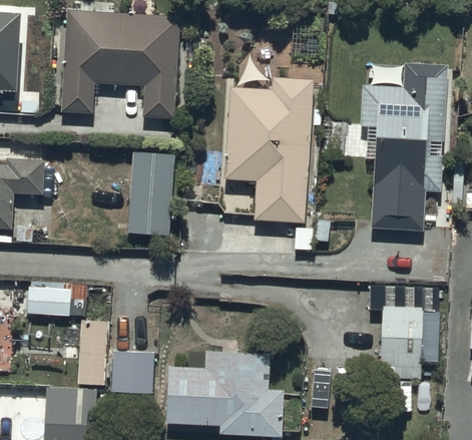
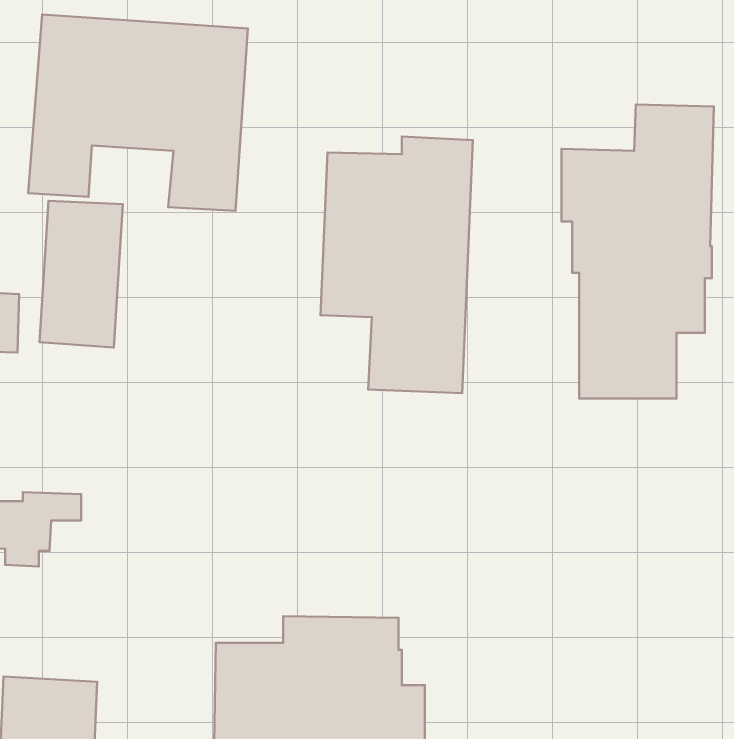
building: [127,152,174,236] -> [40,201,123,348]
building: [381,290,438,376] -> none
building: [76,319,109,384] -> none
building: [110,348,159,392] -> none

